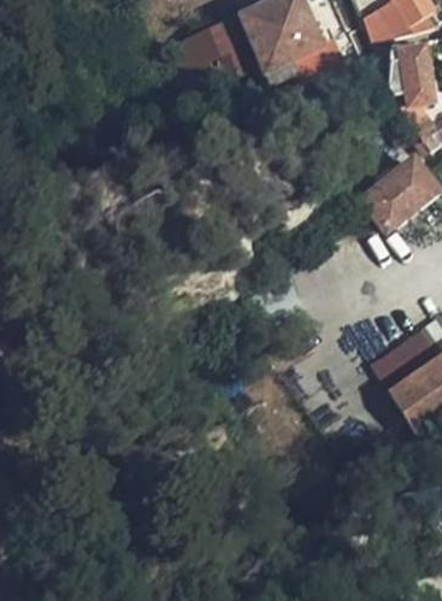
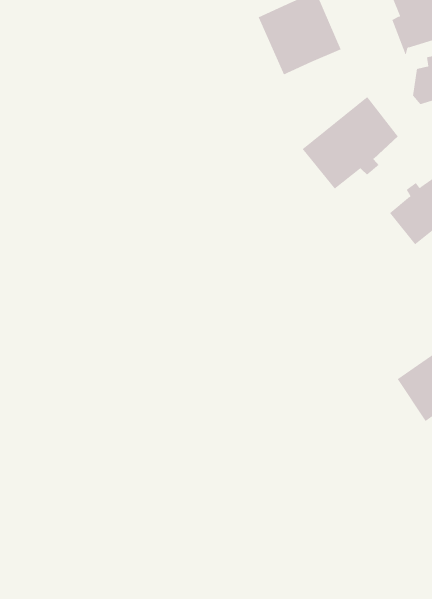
building: [194,24,251,84] -> none
building: none -> [302,96,398,190]

